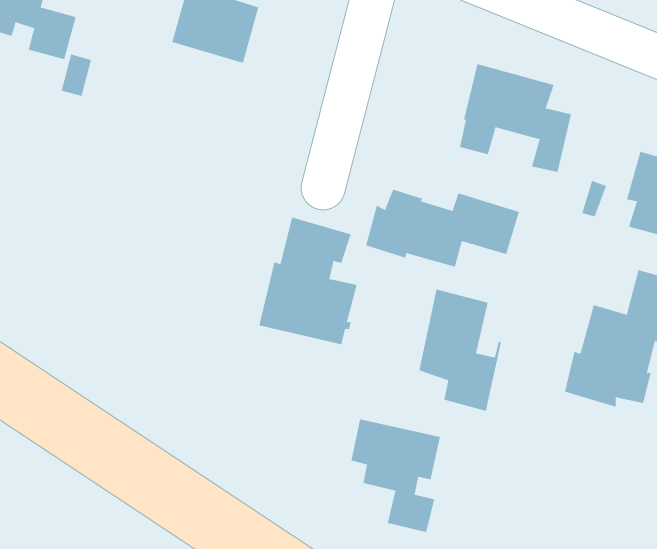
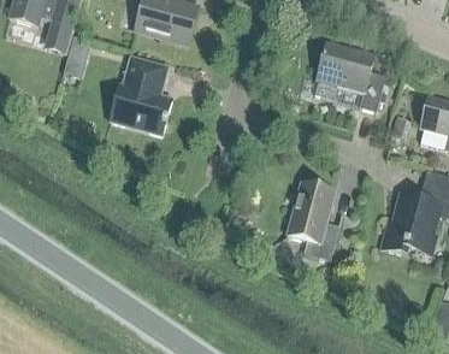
building: [365,189,519,267] -> none
building: [258,217,357,345] -> [111,54,172,134]
building: [351,419,440,533] -> none

